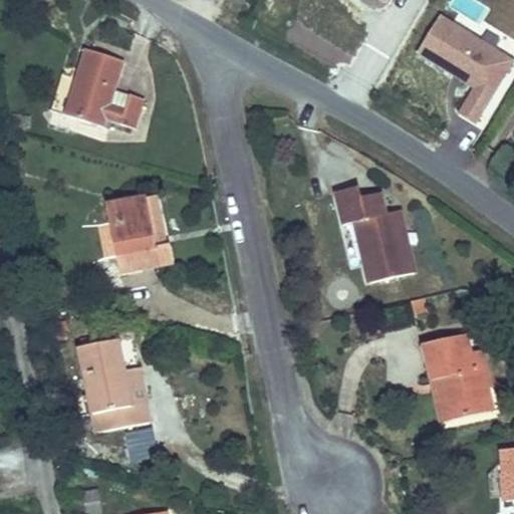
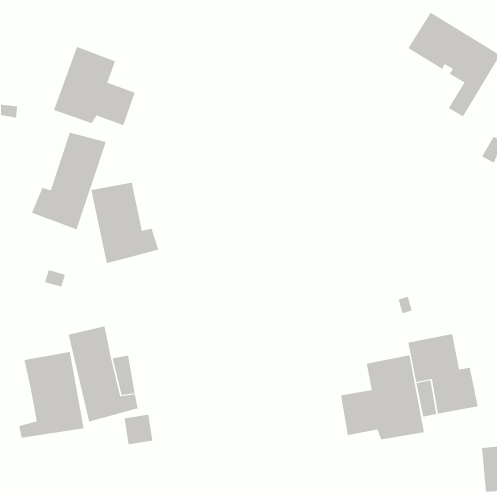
building: none -> [31,132,106,230]
building: [335,185,419,289] -> none
building: none -> [18,351,84,438]
building: none -> [340,355,425,440]

